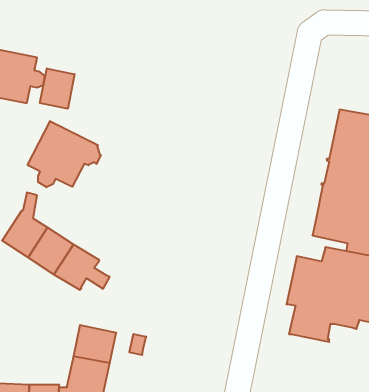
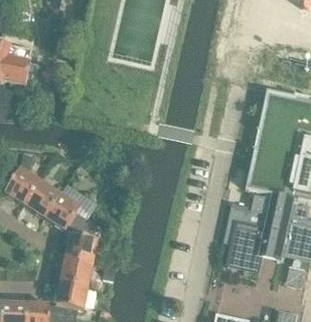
building: [40,68,75,109] -> none
building: [28,121,101,187] -> none
building: none -> [64,218,98,262]

